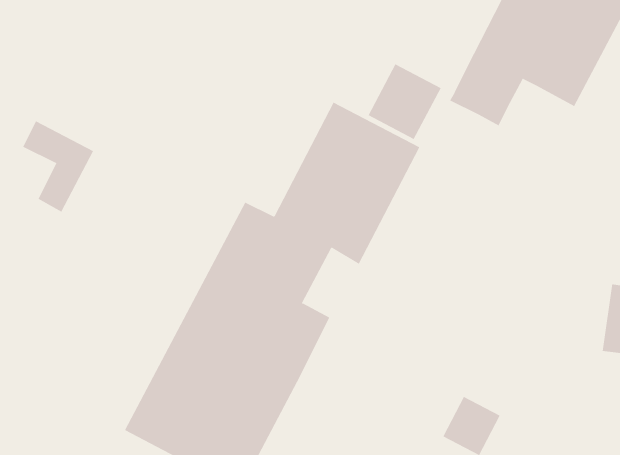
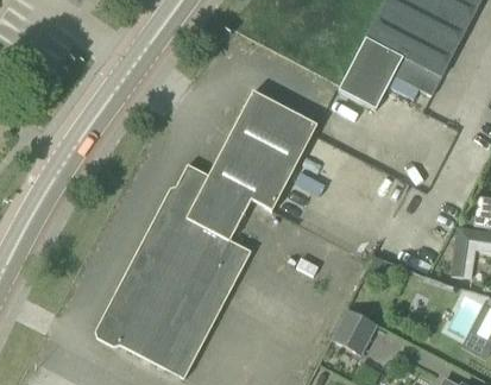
building: [368,63,441,140] -> none
building: [22,120,94,212] -> none

